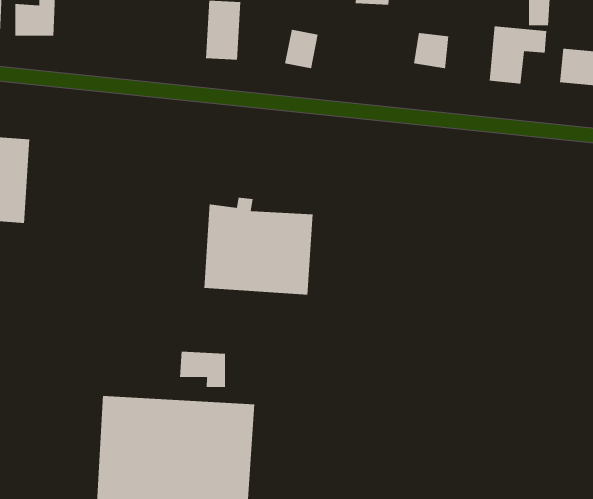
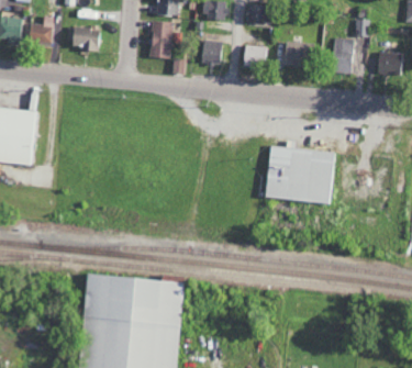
building: none -> [70,27,102,53]
building: none -> [242,45,268,65]
building: [204,197,313,295] -> [264,140,334,202]
building: [180,351,225,388] -> none

